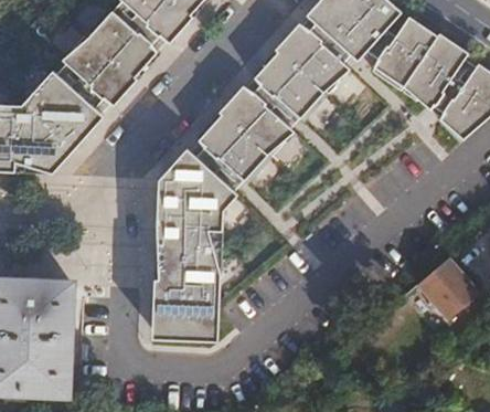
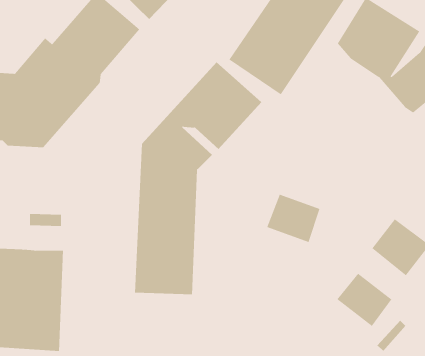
building: none -> [267,194,320,243]
building: none -> [337,273,392,327]

